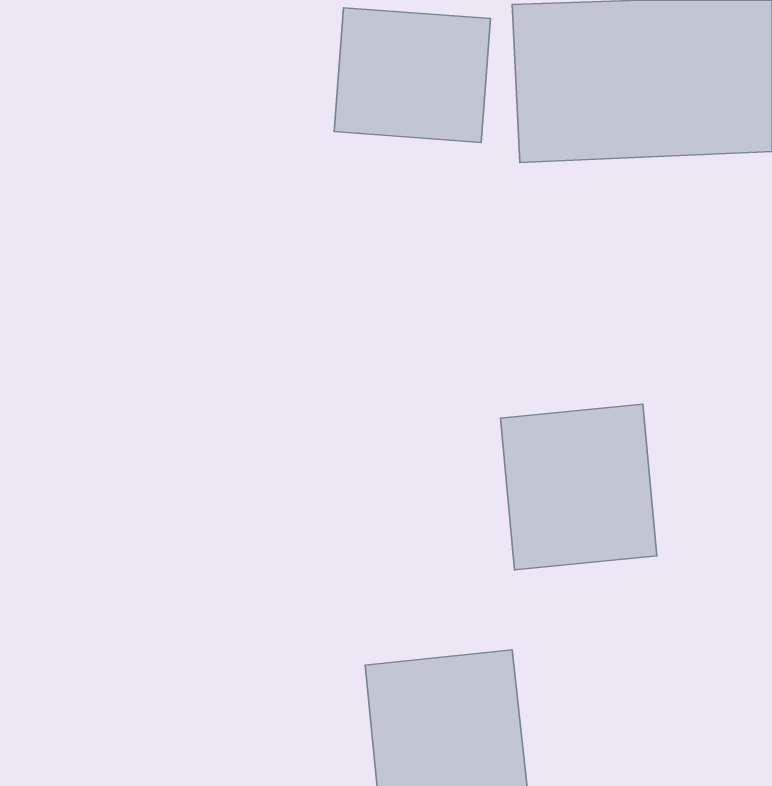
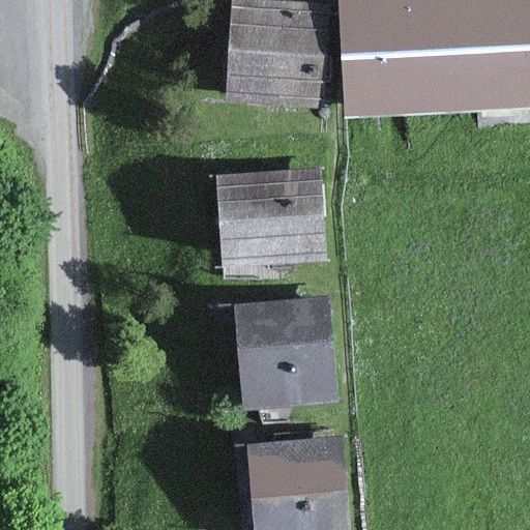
building: none -> [215,167,328,267]
building: [501,404,657,570] -> [233,299,337,410]

